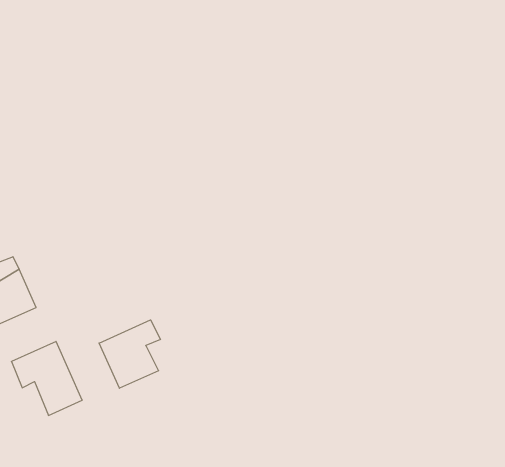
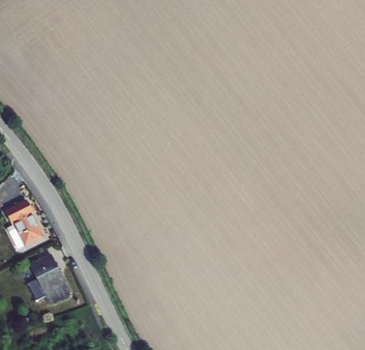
building: [99,320,160,388] -> none

